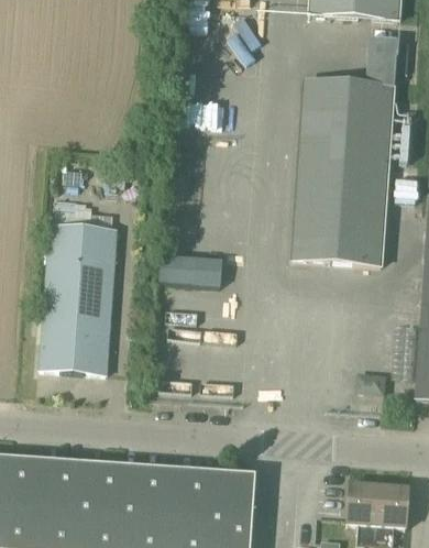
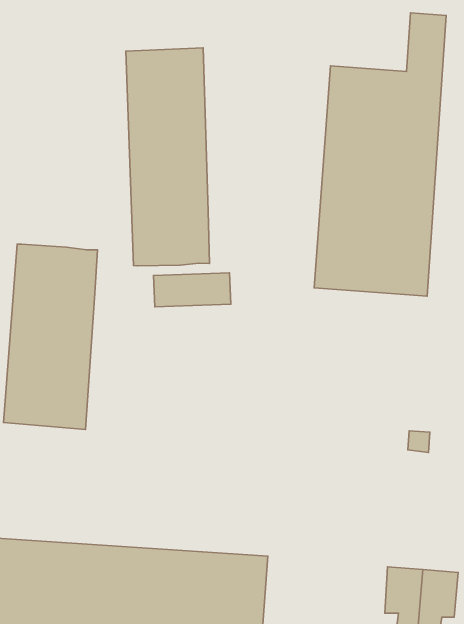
building: none -> [126,48,210,266]

